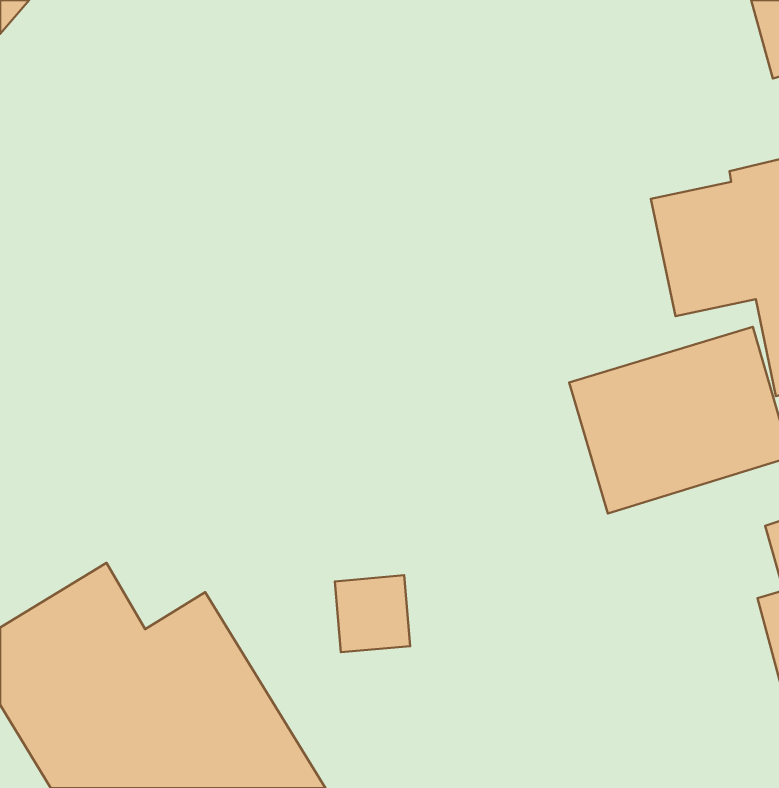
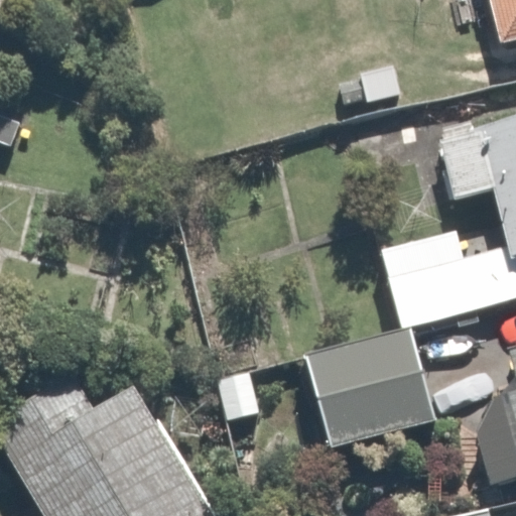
building: none -> [307,340,437,458]

